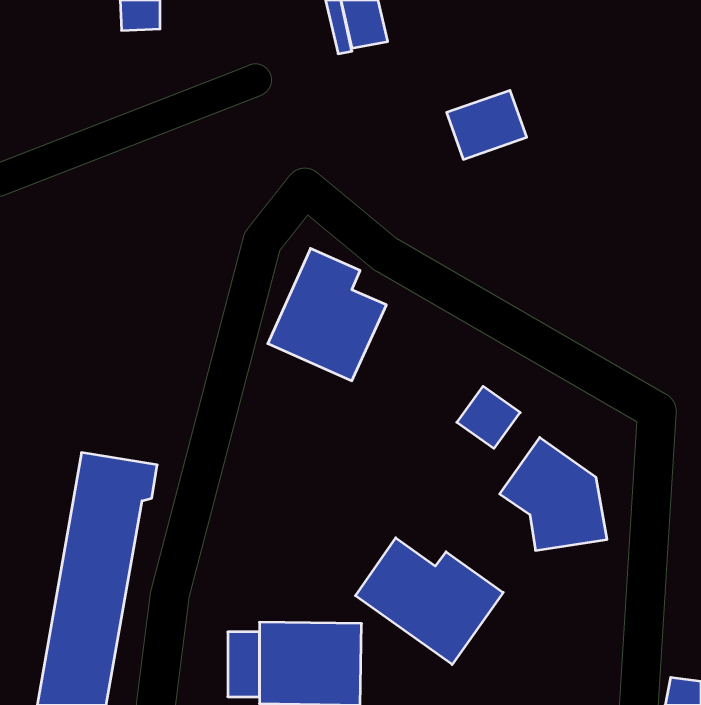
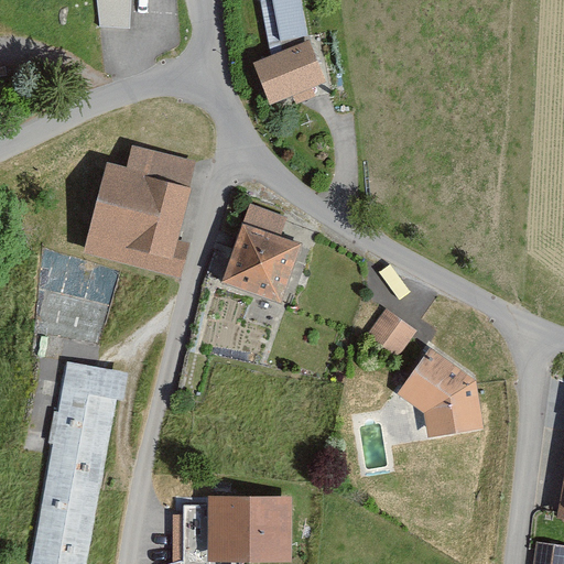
building: [447,90,527,159] -> [256,45,319,100]
building: none -> [85,145,196,273]
building: [355,538,503,665] -> none

